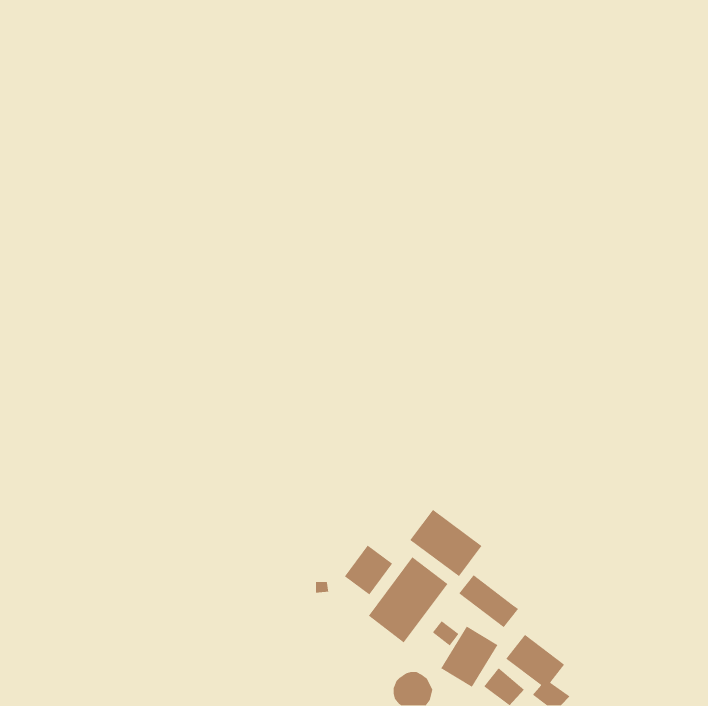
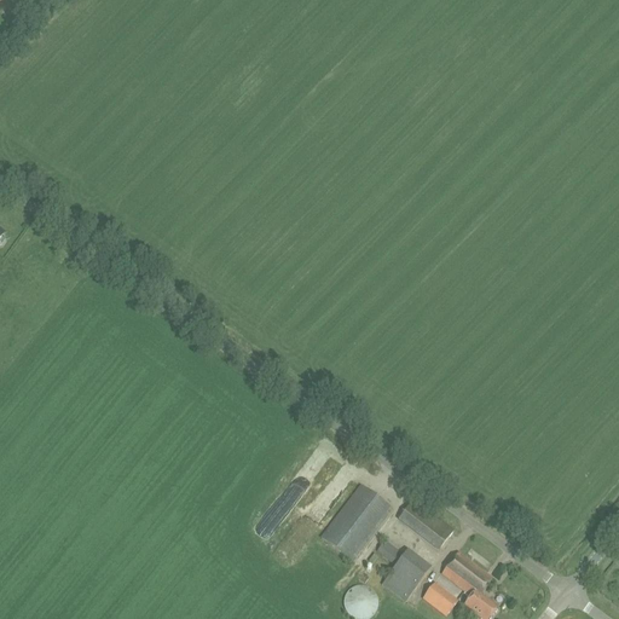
building: [409,509,482,577] -> none
building: [344,544,393,596] -> none

